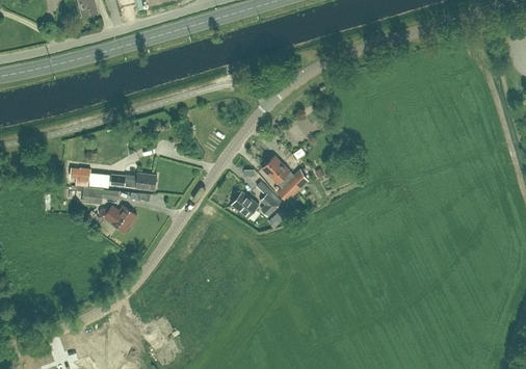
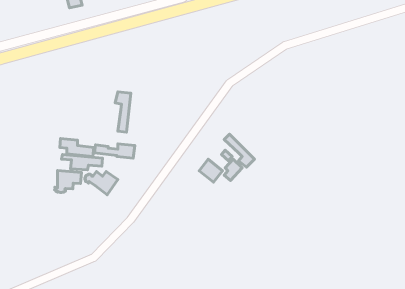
building: none -> [115,92,131,132]
building: [267,156,309,191] -> none
building: none -> [55,170,81,193]

